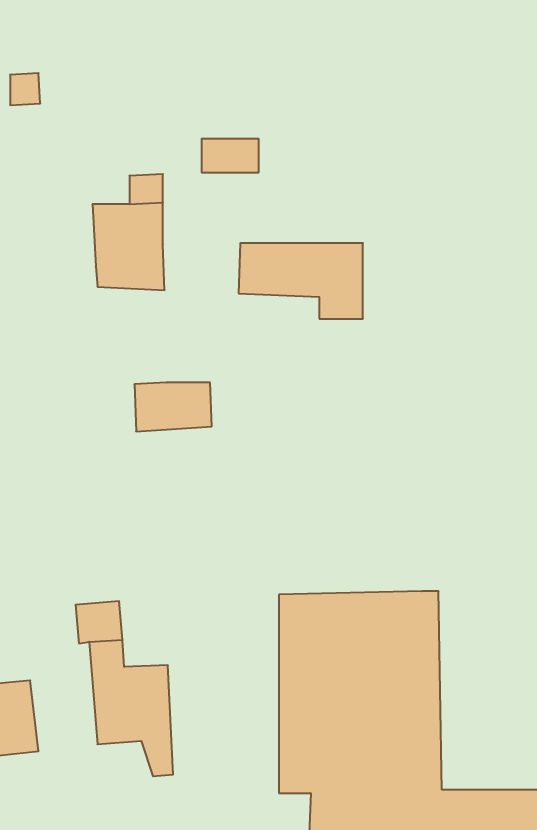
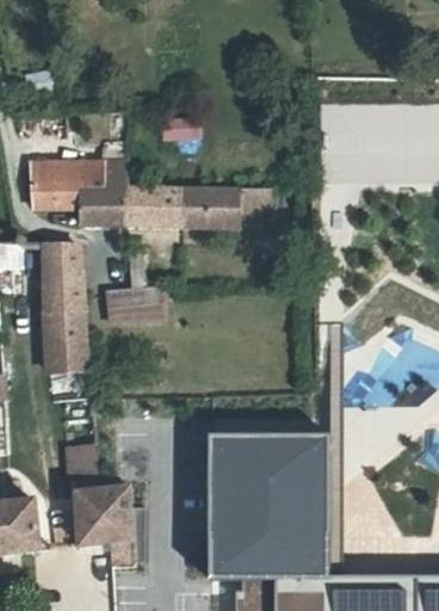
building: none -> [33,162,80,210]
building: none -> [128,190,183,226]
building: none -> [45,243,86,370]

